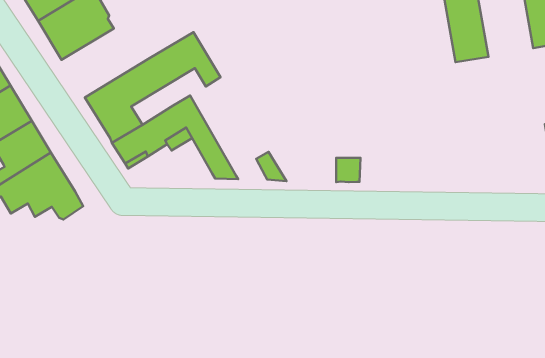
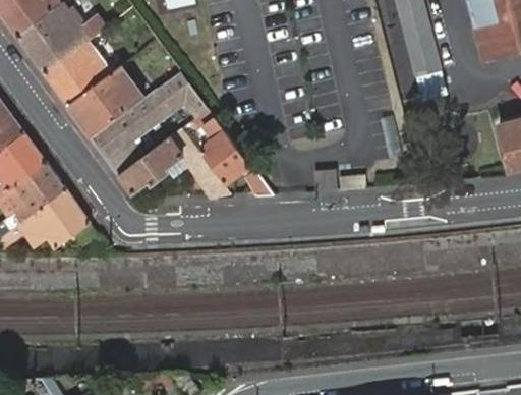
building: none -> [66,65,143,136]
building: none -> [195,108,249,179]

